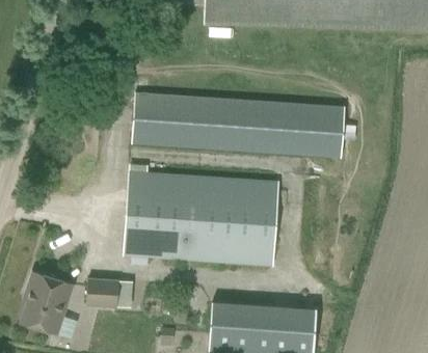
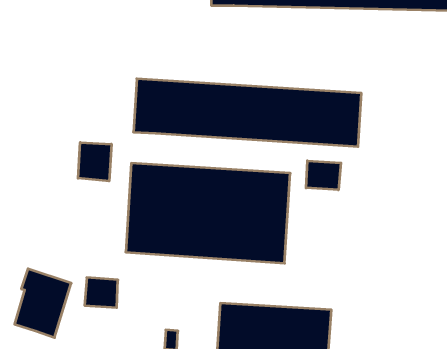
building: none -> [78,142,111,181]
building: none -> [306,161,341,190]

